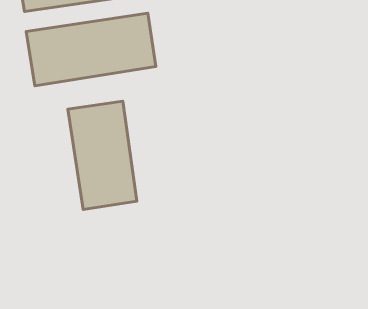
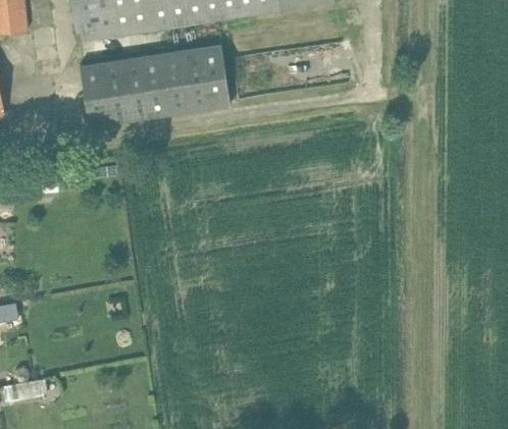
building: [68,101,137,210] -> none

